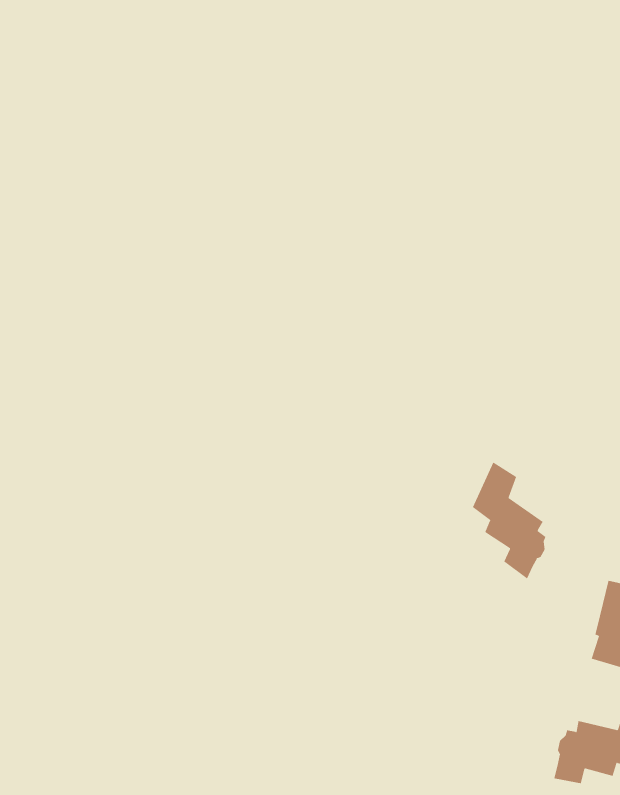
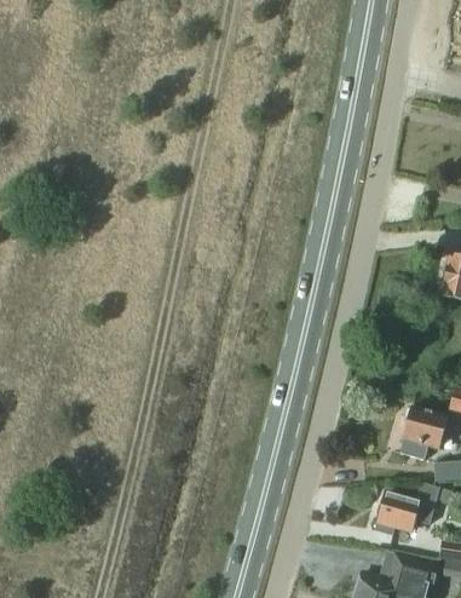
building: [472,462,546,580] -> none

